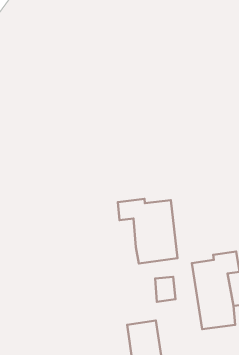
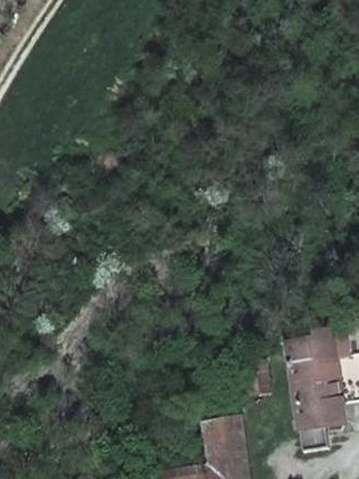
building: [118,199,177,263] -> none

